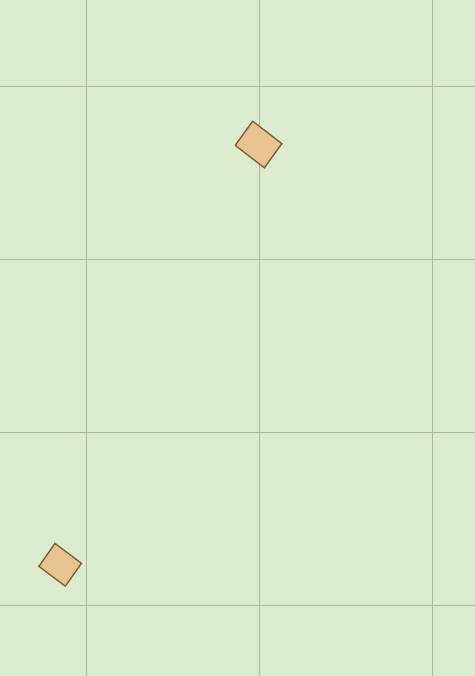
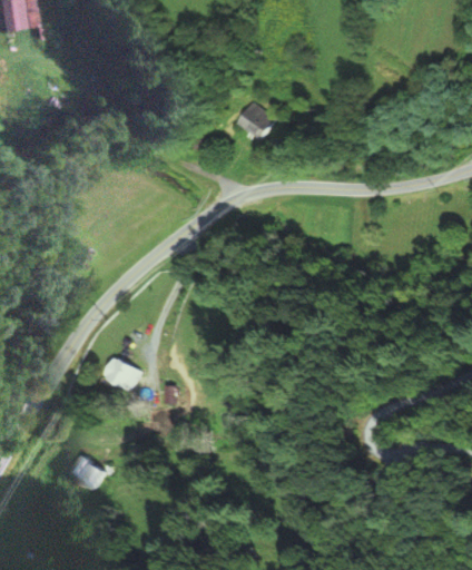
building: none -> [110,360,139,386]

